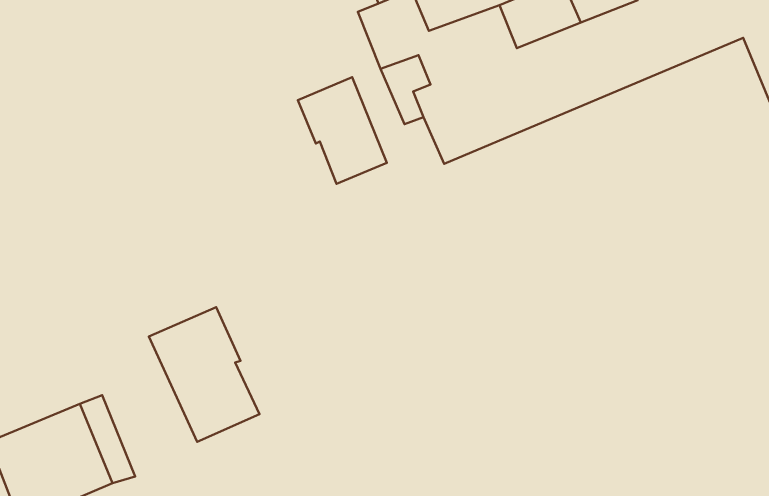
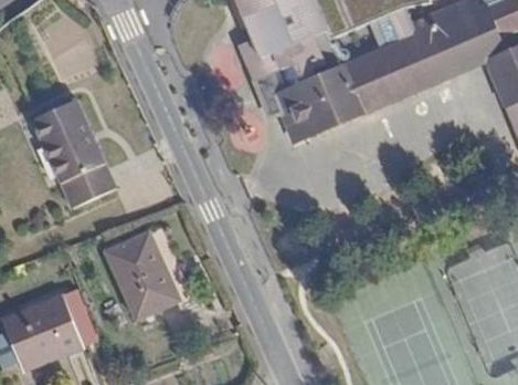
building: [298,77,387,184] -> none
building: none -> [32,98,116,208]

